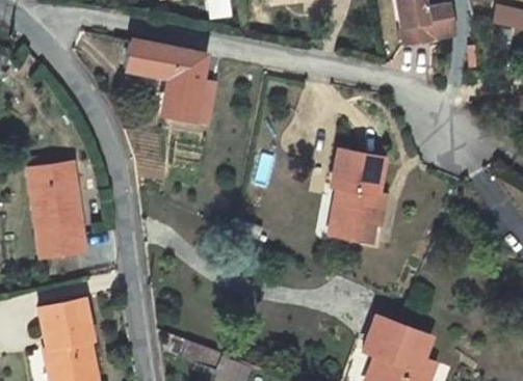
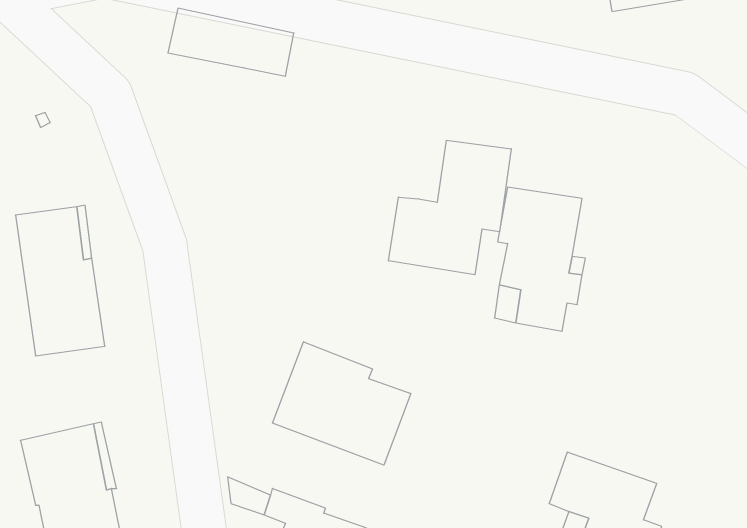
building: [165,76,199,118] -> none
building: none -> [389,140,511,275]
building: none -> [273,342,411,465]

